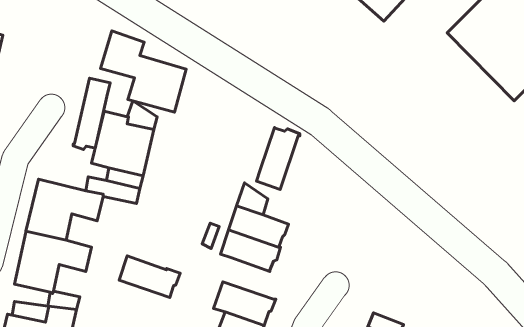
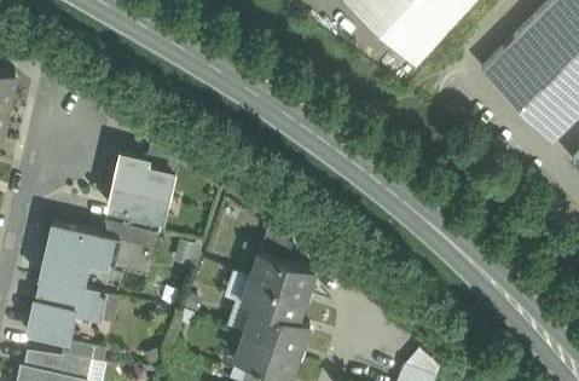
building: [100,31,186,112] -> none
building: [73,78,110,149] -> none
building: [256,128,300,189] -> none
building: [119,256,180,297] -> [245,307,309,351]

